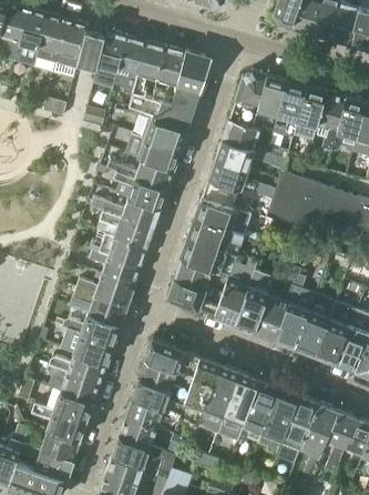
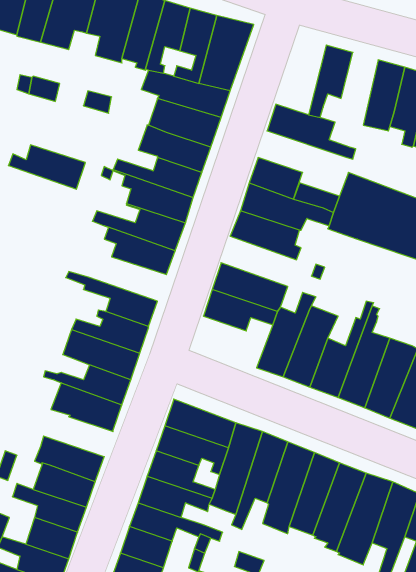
building: [228,70,266,127] -> none
building: [273,80,305,138] -> none
building: [215,139,286,170] -> none
building: [187,218,244,255] -> none
building: [89,233,146,266] -> [8,145,85,189]
building: [166,277,212,314] -> none
building: [49,353,106,383] -> none

